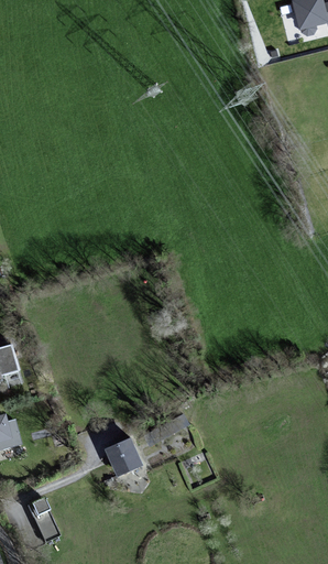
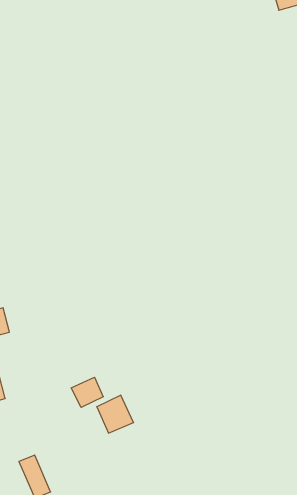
building: none -> [71,377,103,407]

